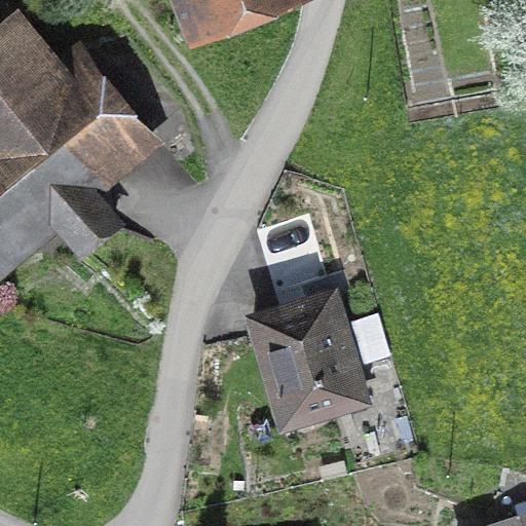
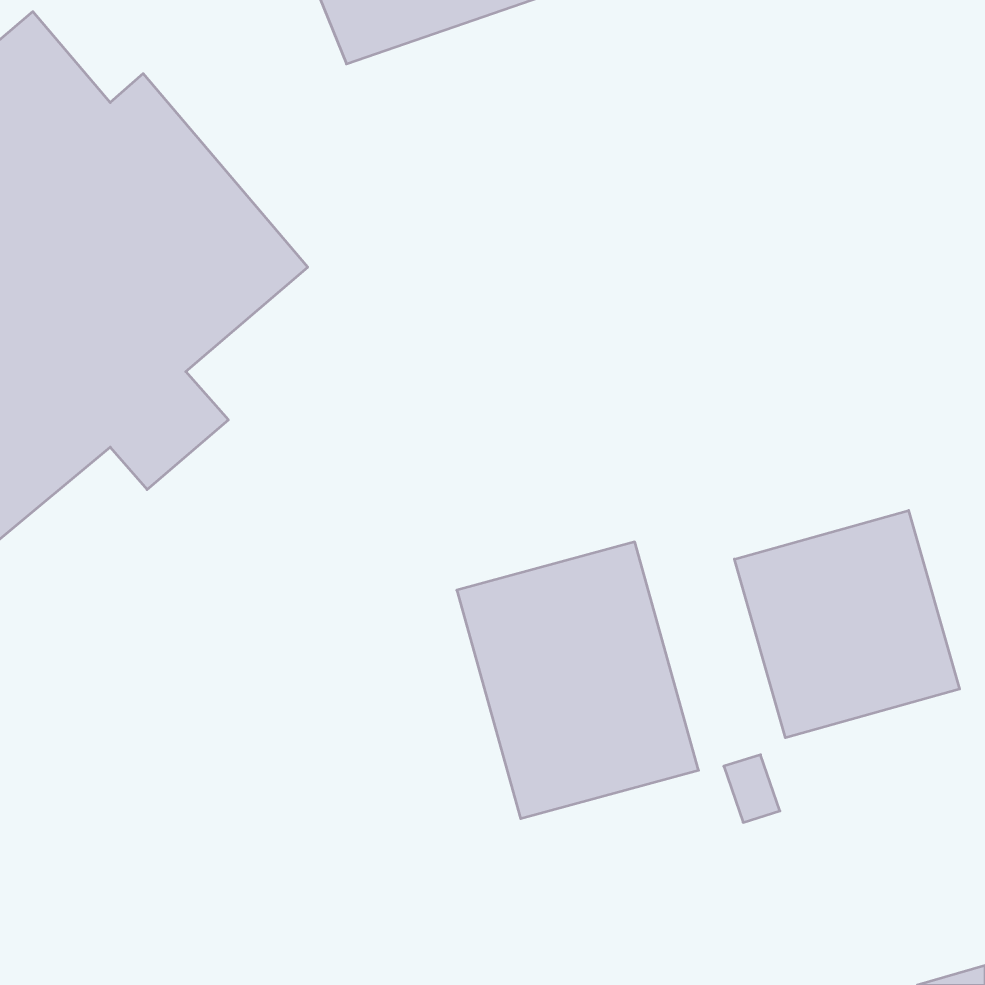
building: none -> [734,510,960,738]

